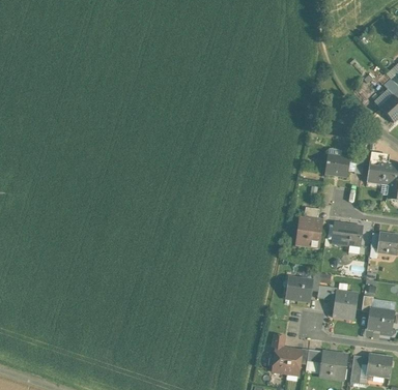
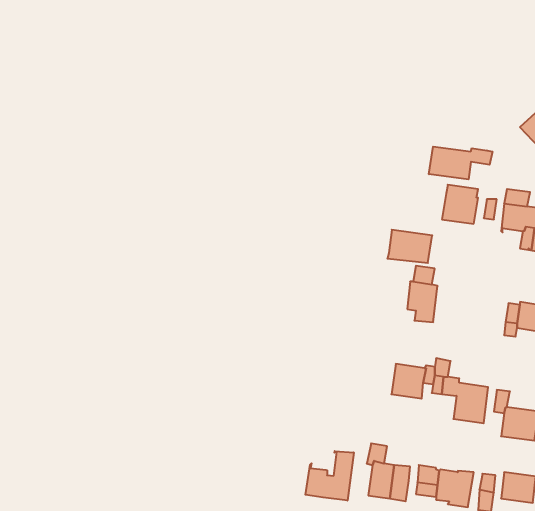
building: none -> [429,147,492,179]
building: [331,222,363,246] -> [387,230,432,263]
building: none -> [305,451,354,501]

